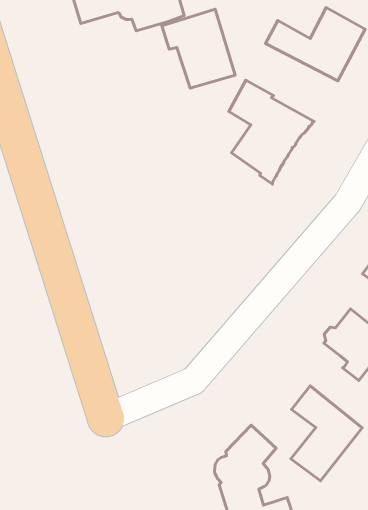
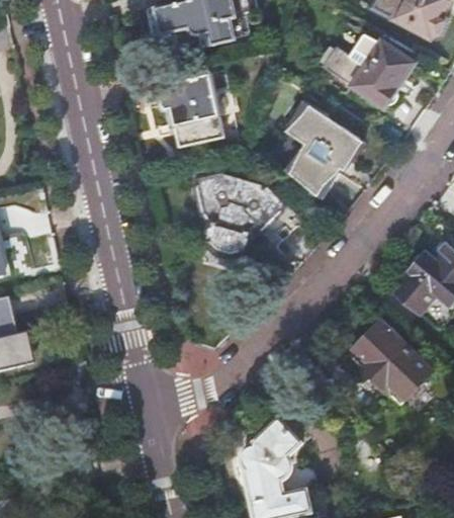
building: [162,9,235,88] -> [159,74,222,145]
building: none -> [194,172,286,256]
building: [291,386,362,481] -> none

